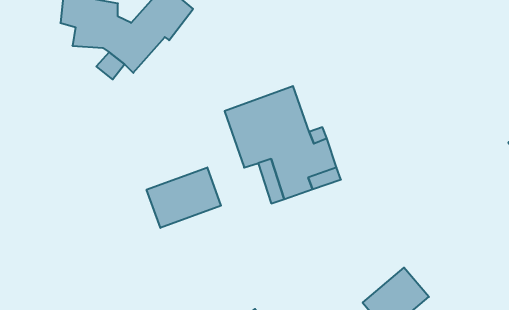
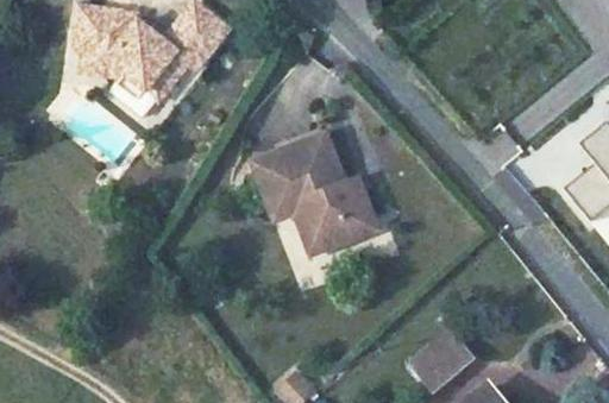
building: [147,167,221,228] -> none

